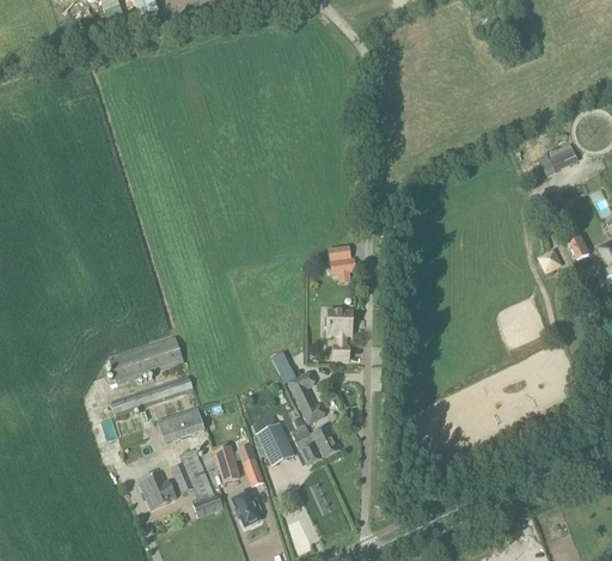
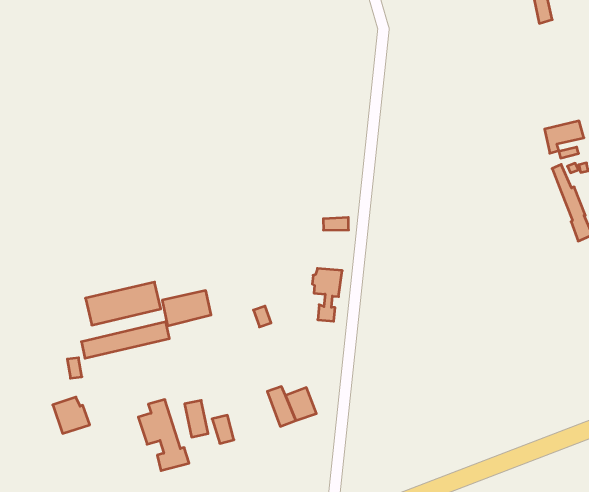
building: [288,371,322,421] -> none
building: [158,405,206,443] -> [162,291,211,326]
building: [257,421,295,464] -> none
building: [140,471,177,507] -> [53,397,90,433]
building: [234,489,262,524] -> none

